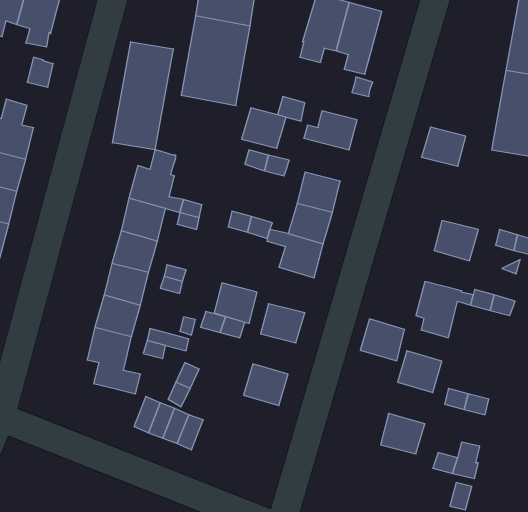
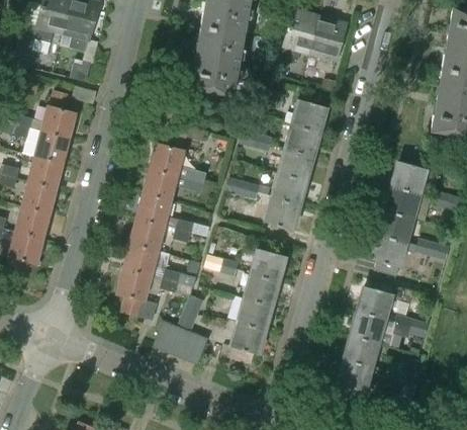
building: [112,42,173,150] -> none
building: [242,108,286,148] -> [286,123,320,155]
building: [421,127,466,166] -> [392,162,427,192]
building: none -> [379,208,413,240]
building: [214,283,257,323] -> [246,273,279,305]
building: [360,319,405,361] -> [351,311,385,343]
building: none -> [230,321,266,366]
building: none -> [338,359,372,391]

